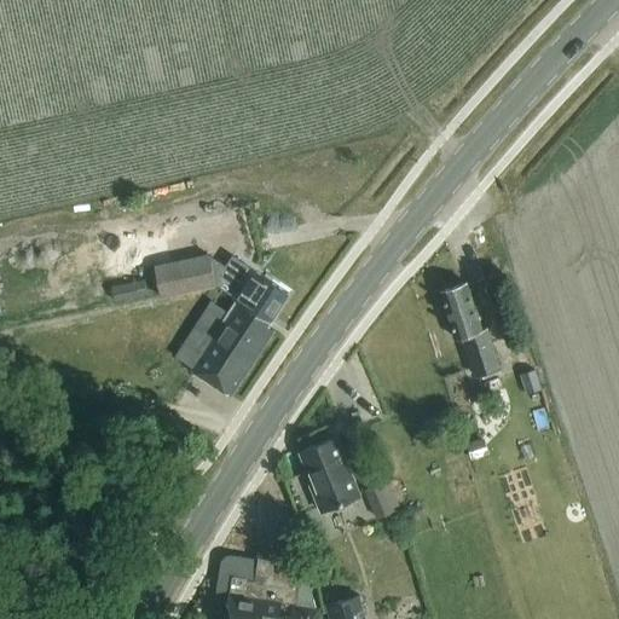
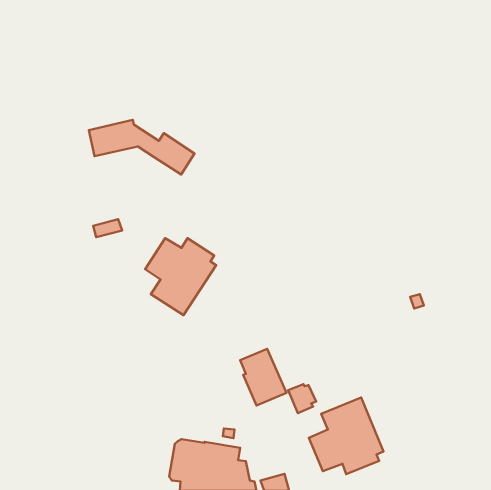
building: [154,254,287,323] -> [89,120,194,175]
building: [441,285,499,378] -> none
building: none -> [309,397,384,474]

